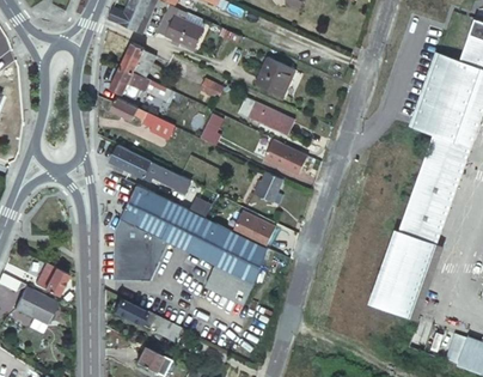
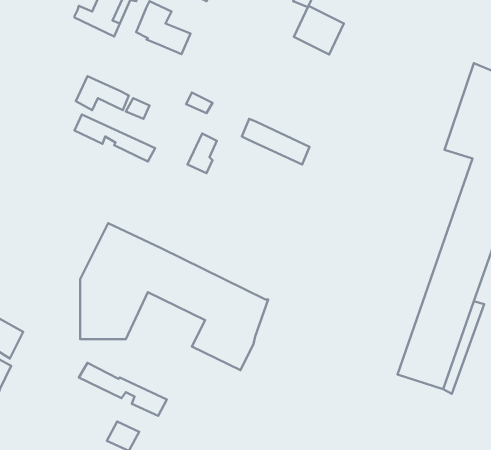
building: [120,41,154,77] -> none
building: [256,57,296,97] -> [294,6,344,54]
building: [263,138,307,174] -> none
building: [110,145,184,186] -> none
building: [251,170,282,203] -> none
building: [231,209,273,247] -> none

